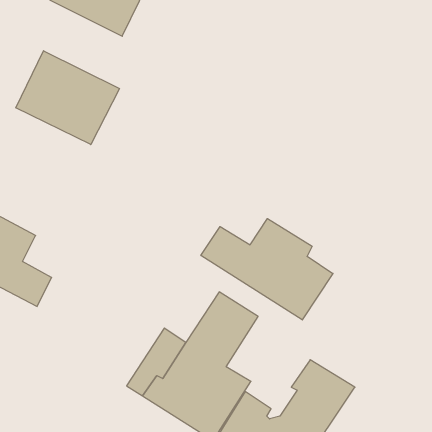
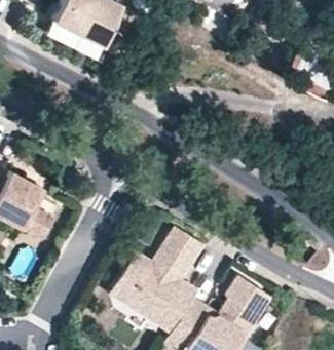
building: [16,51,119,145] -> none
building: [201,219,333,320] -> none

